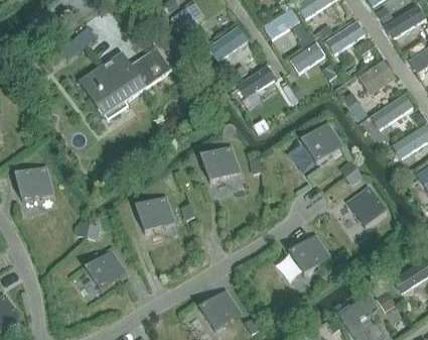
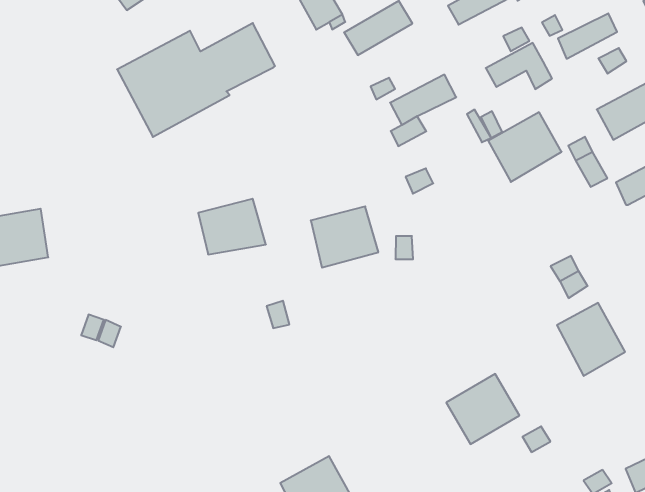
building: [300,123,342,164] -> [488,112,562,182]
building: [135,196,175,230] -> [198,199,266,254]
building: [85,250,127,292] -> none

